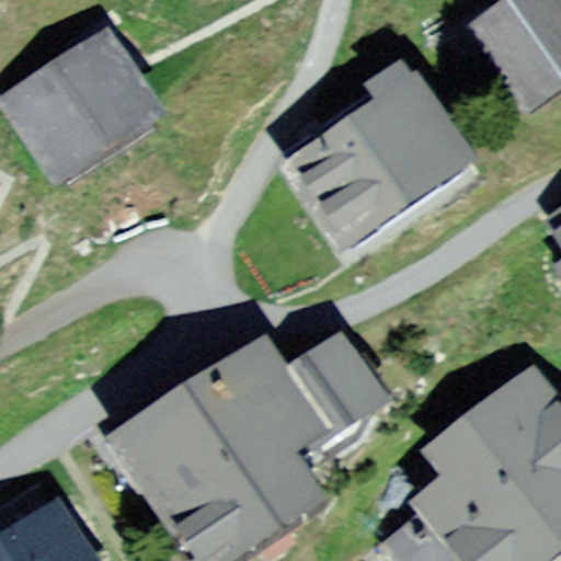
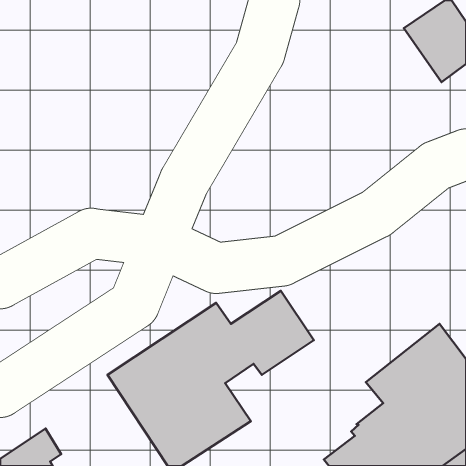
building: [13,50,147,178] -> none
building: [282,77,460,245] -> none

